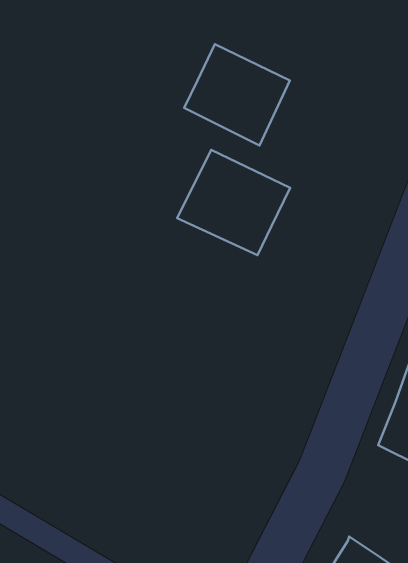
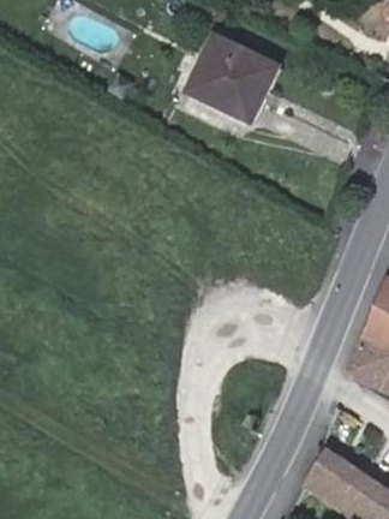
building: [177,150,290,255] -> none

